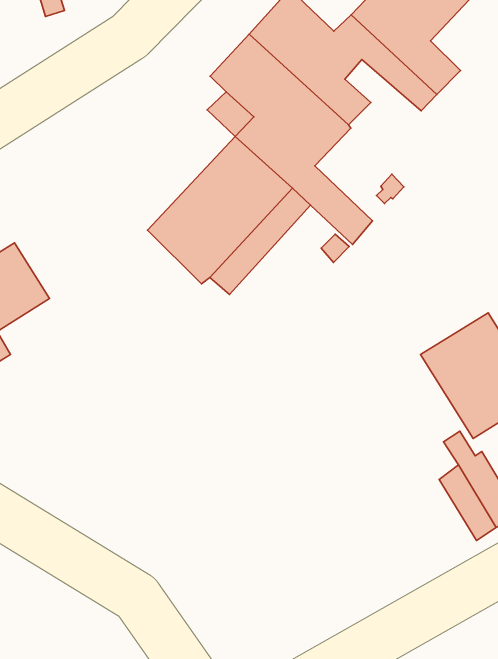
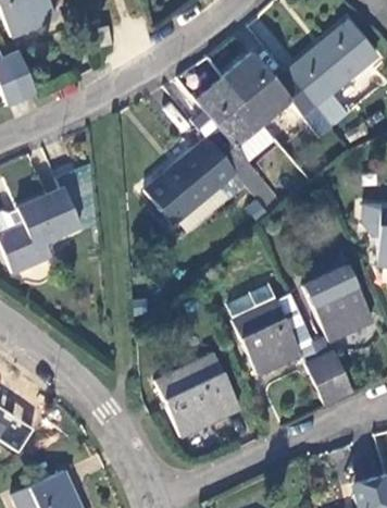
building: none -> [232,298,302,373]
building: none -> [154,351,240,434]

